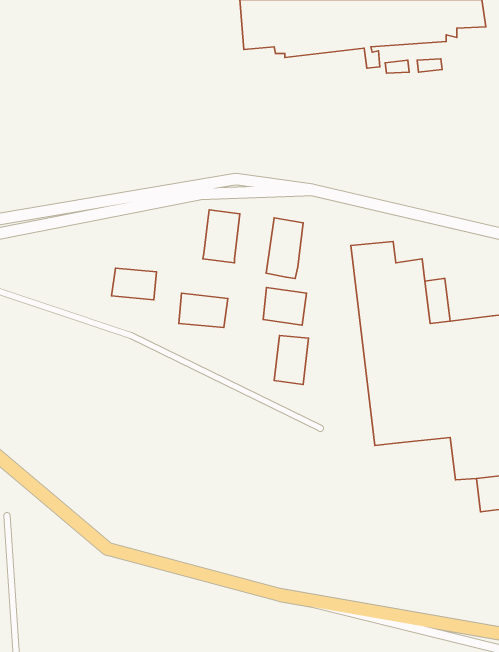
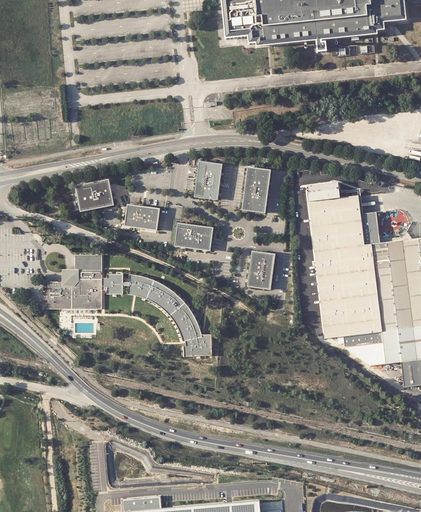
building: none -> [76,179,114,210]
building: [263,287,307,325] -> none
building: none -> [50,256,214,355]
building: none -> [342,332,385,366]

